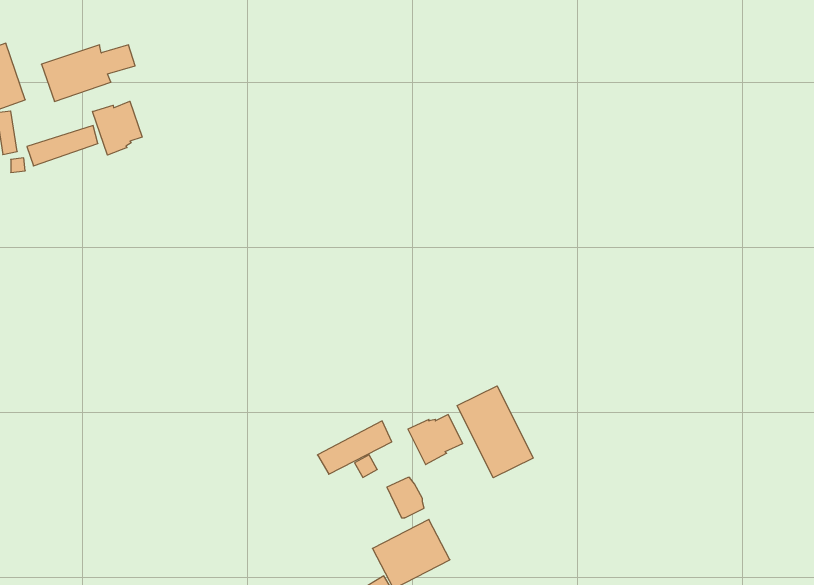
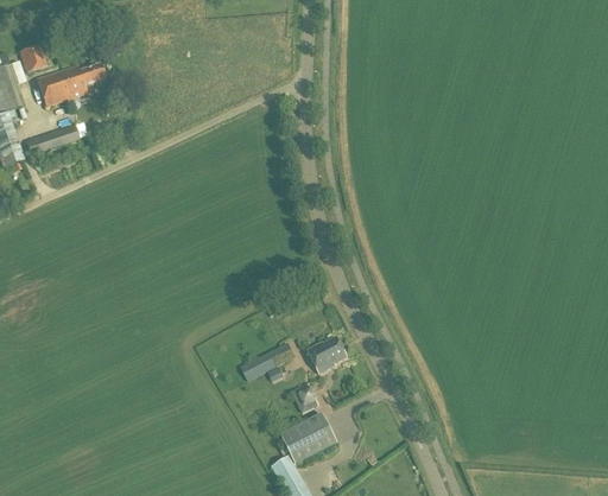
building: none -> [18,44,46,71]
building: [93,101,142,155] -> none
building: [457,386,533,478] -> none

